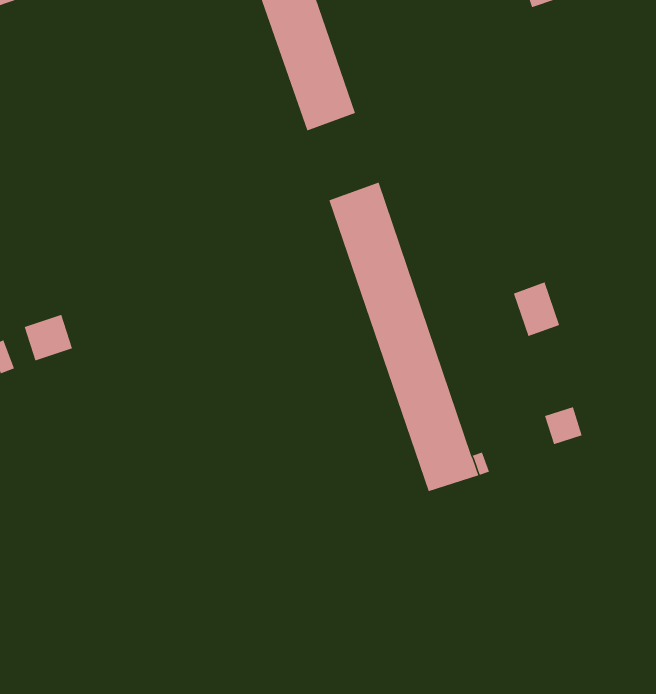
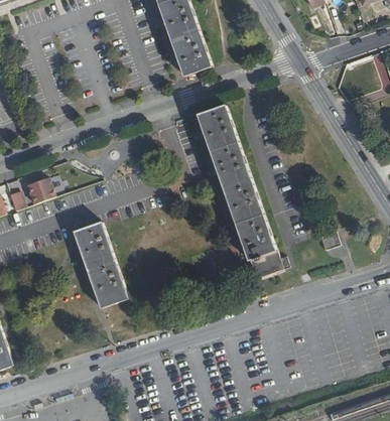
building: [513,282,560,337] -> none
building: none -> [73,221,127,305]

